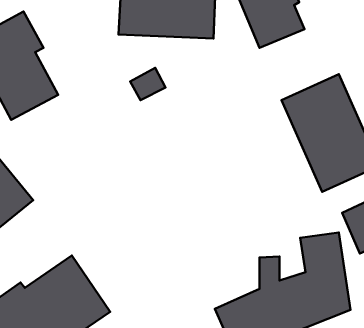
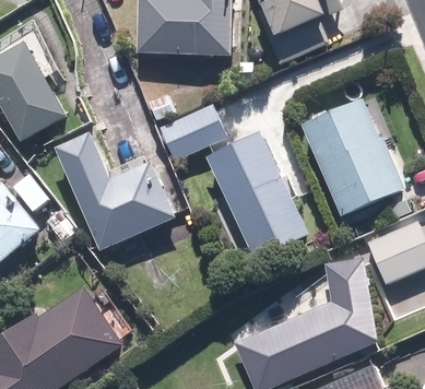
building: none -> [158,101,228,161]
building: none -> [203,127,310,260]
building: none -> [52,130,174,250]

